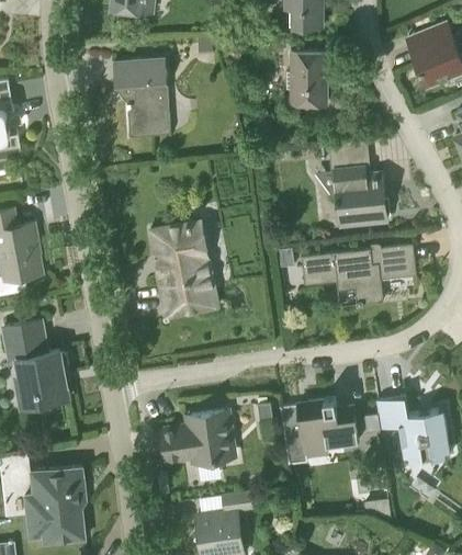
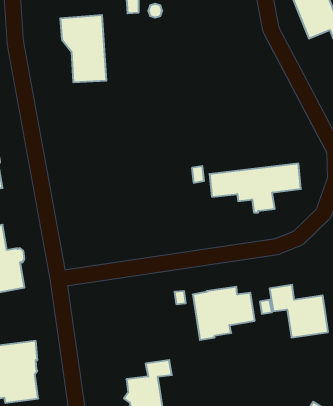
building: [286,52,327,101] -> none
building: [328,139,386,226] -> none
building: [149,220,217,317] -> none
building: [161,410,229,462] -> none

